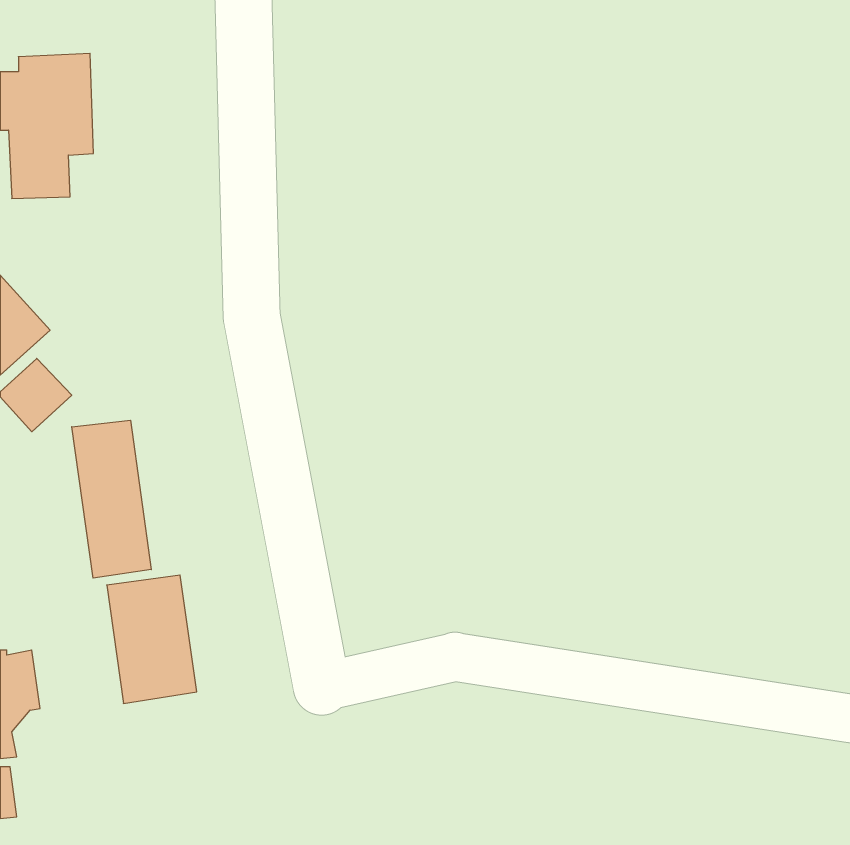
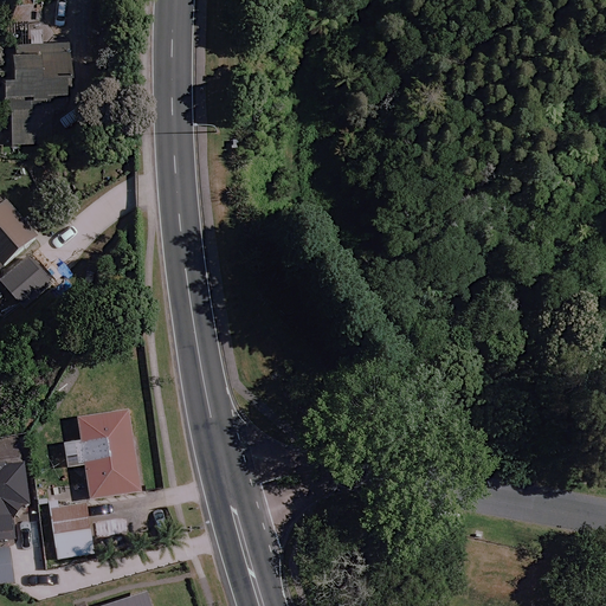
building: [72,420,151,578] -> none
building: none -> [51,502,94,557]

